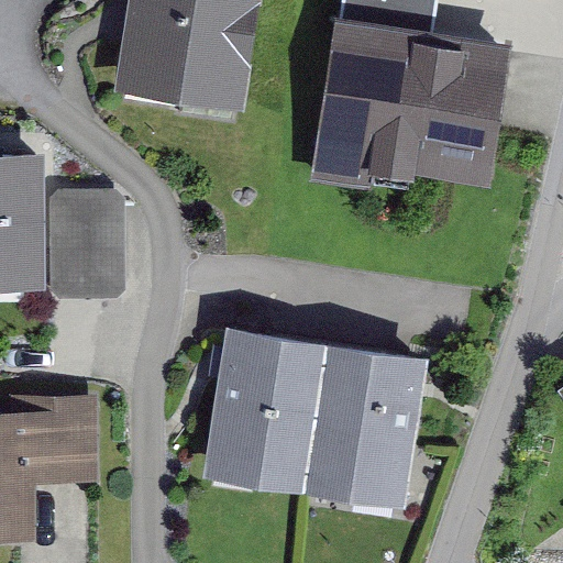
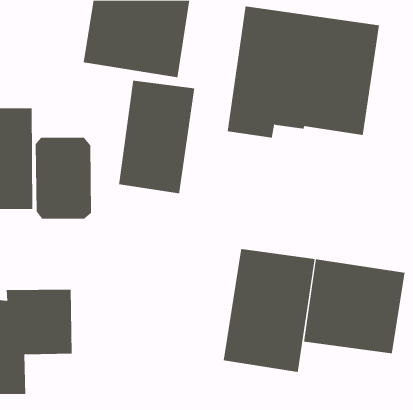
building: none -> [118,80,195,194]
building: [200,327,325,495] -> none
building: none -> [304,259,405,354]

